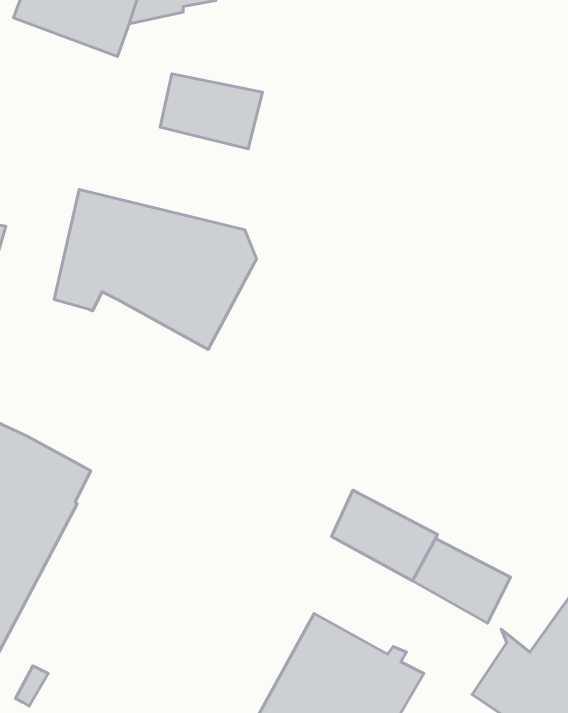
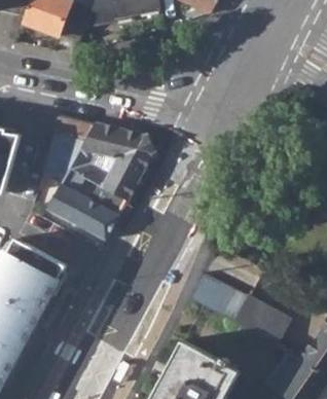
building: [160,74,262,149] -> none
building: none -> [46,170,117,240]

